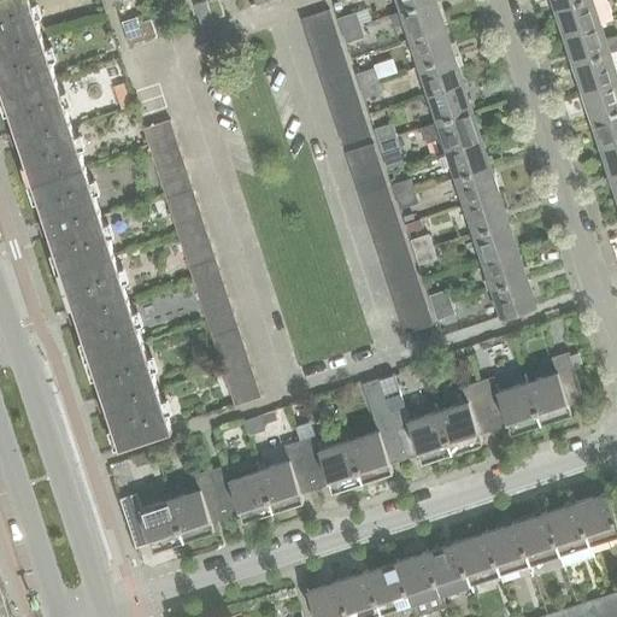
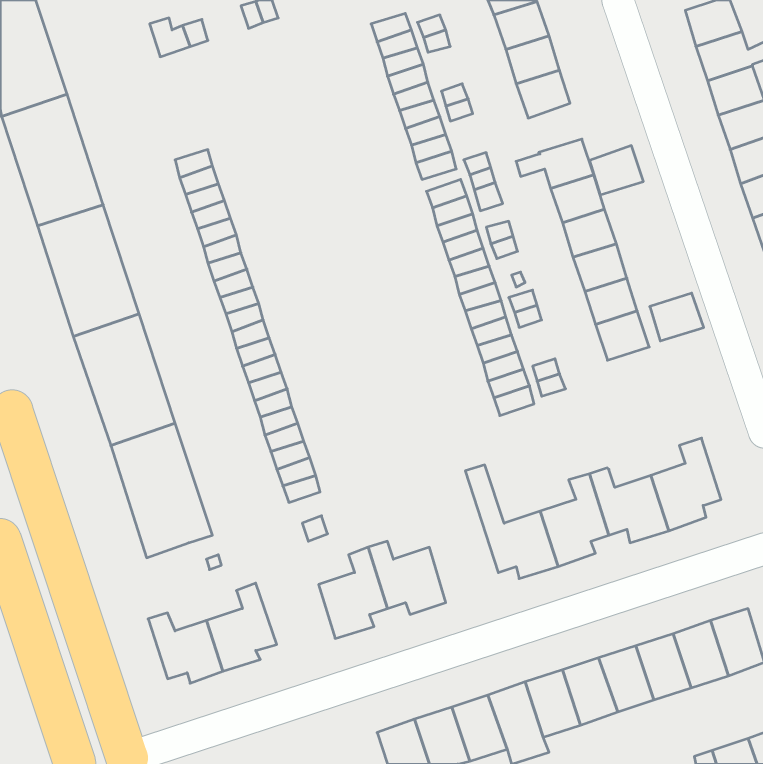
building: [427,83,470,123] -> [590,146,643,195]
building: [490,280,534,318] -> [650,293,704,341]
building: [347,380,402,486] -> none
building: [207,465,271,524] -> none

